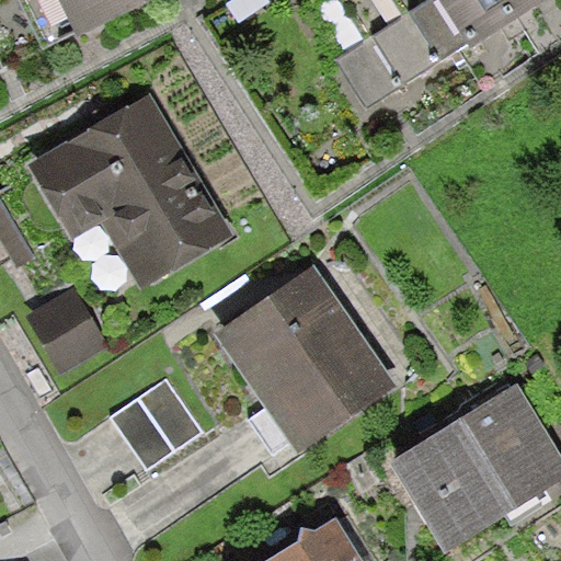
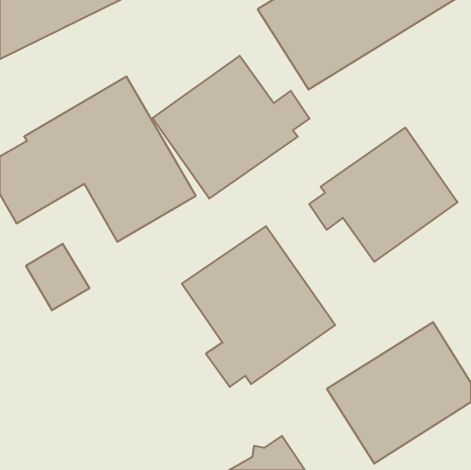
building: none -> [153,56,310,199]
building: none -> [309,128,458,262]
building: [110,376,205,470] -> none

